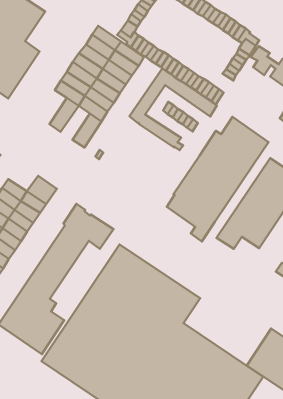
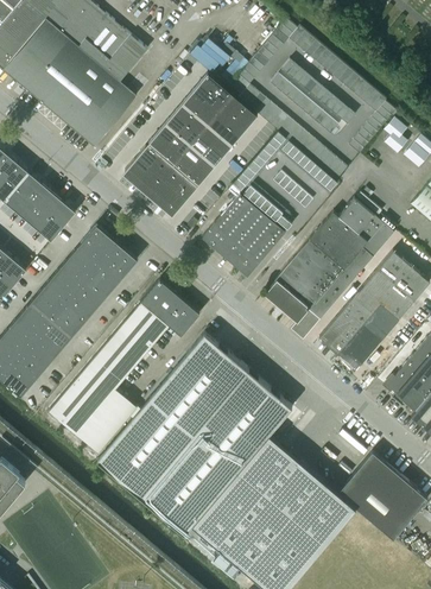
building: none -> [270,62,353,133]
building: none -> [123,144,160,183]
building: none -> [148,165,185,204]
building: none -> [201,194,284,278]
building: none -> [81,224,116,259]

